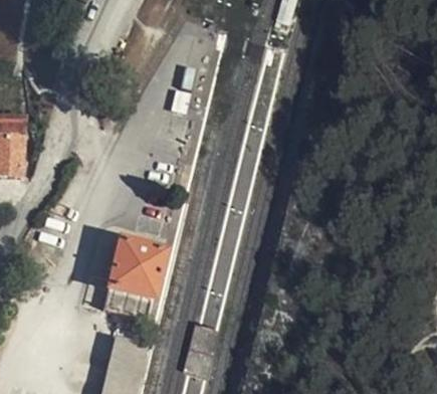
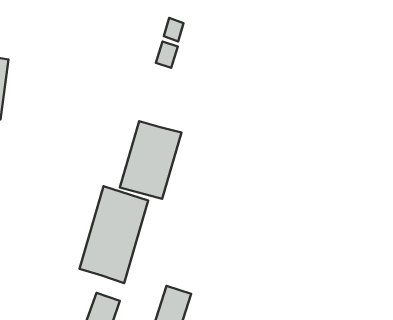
building: none -> [120,121,181,199]

